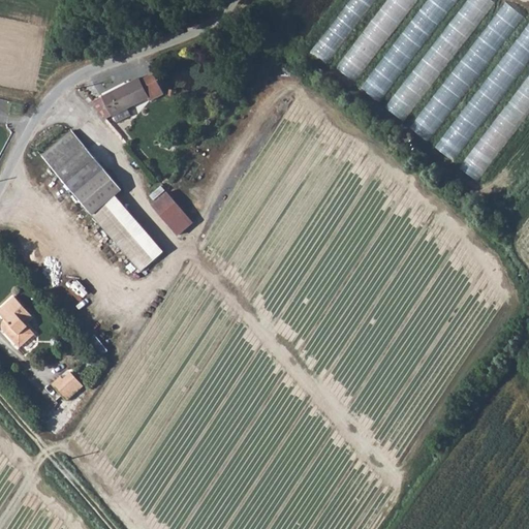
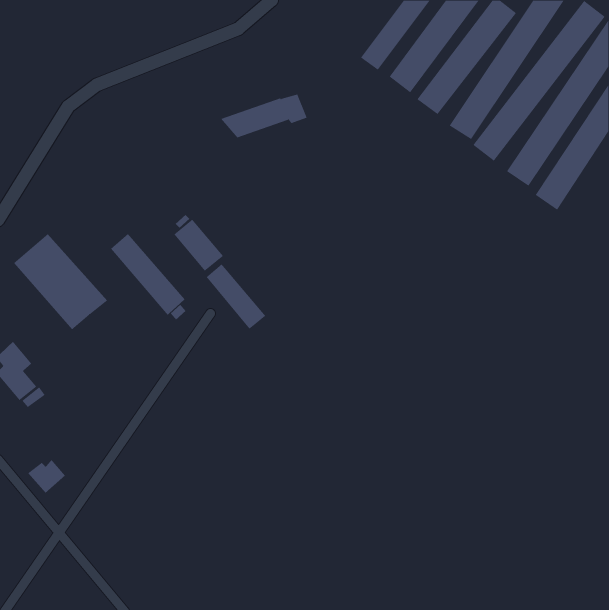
building: [88,74,163,113] -> [220,94,307,138]
building: [44,132,126,216] -> [13,233,108,330]
building: none -> [206,264,266,329]
building: [49,371,82,401] -> [27,459,66,493]

